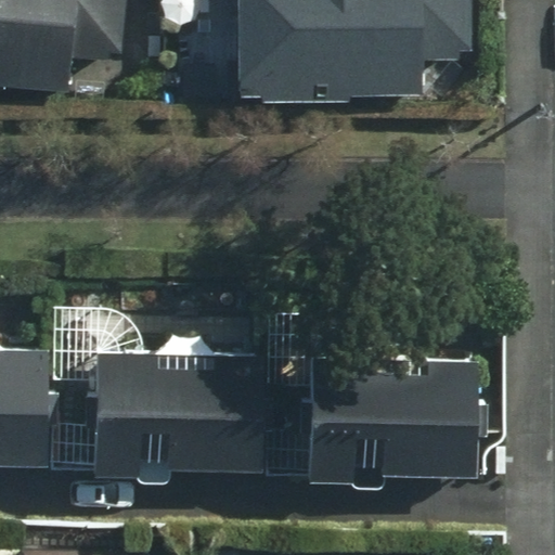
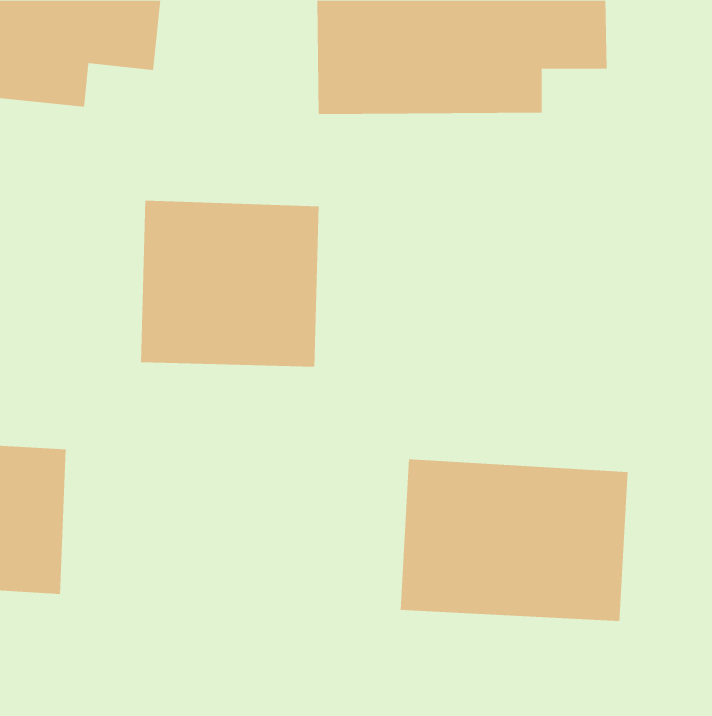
building: none -> [140,200,319,367]
building: [96,352,259,474] -> none

